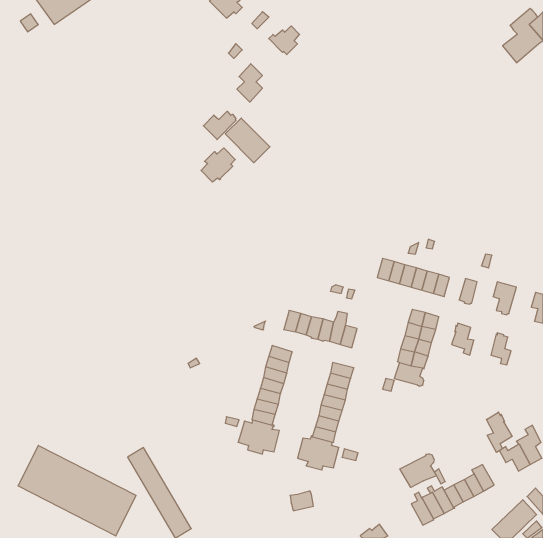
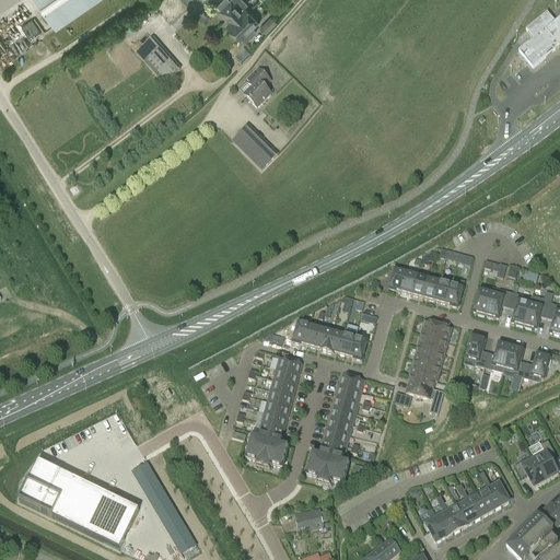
building: [269,26,300,55] -> [226,8,258,37]
building: none -> [136,35,179,81]
building: [203,111,236,140] -> none
building: [201,148,235,182] -> none
building: none -> [486,285,512,316]
building: none -> [524,290,553,326]
building: none -> [483,340,511,371]
building: none -> [522,351,550,377]
building: [486,412,512,452] -> none
building: [400,454,437,487] -> none

